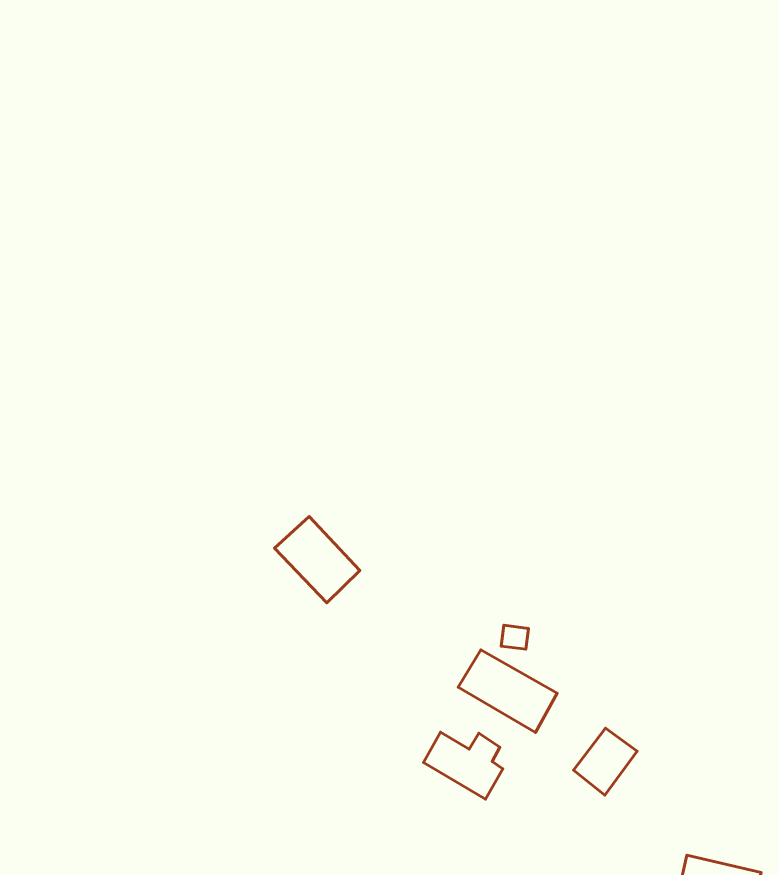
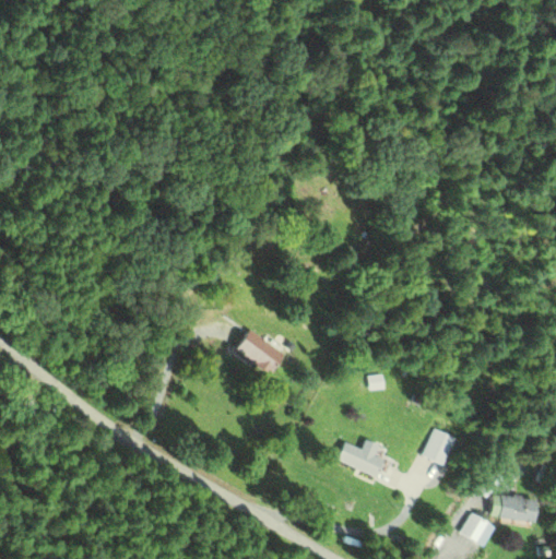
building: [458,650,557,733] -> none

